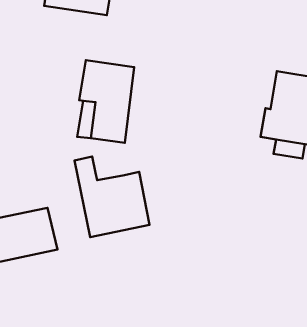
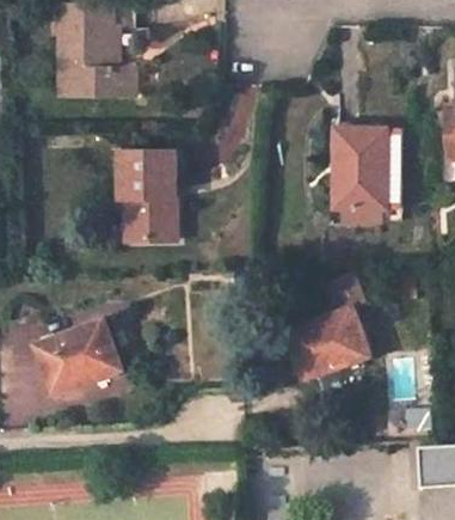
building: [74,156,150,237] -> none
building: none -> [284,269,369,379]

